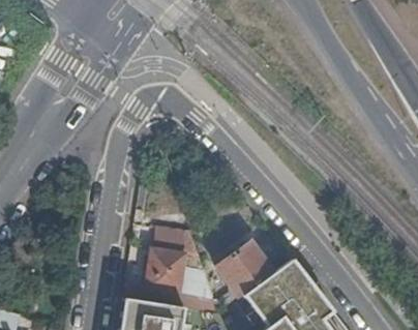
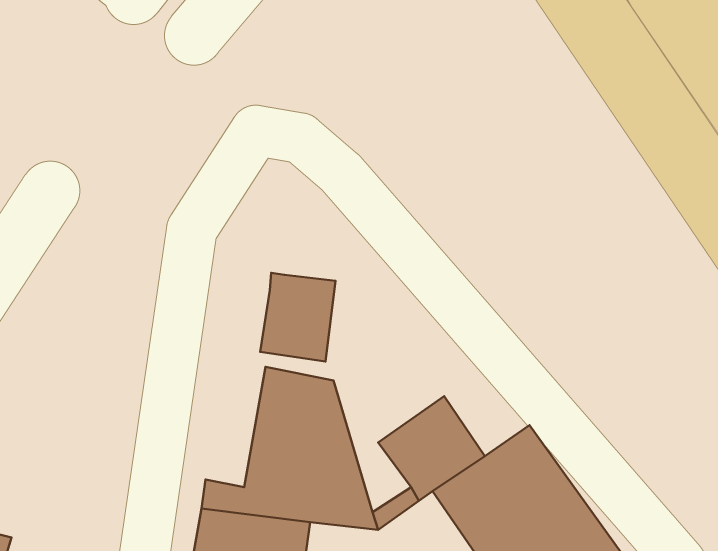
building: none -> [260,273,336,362]

